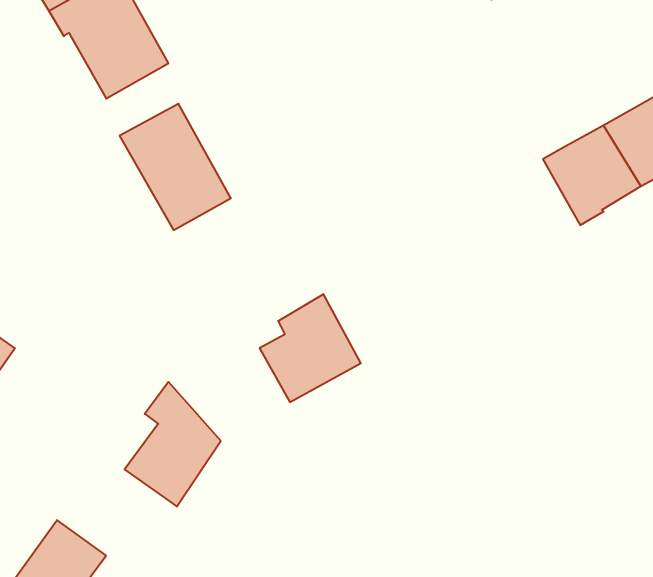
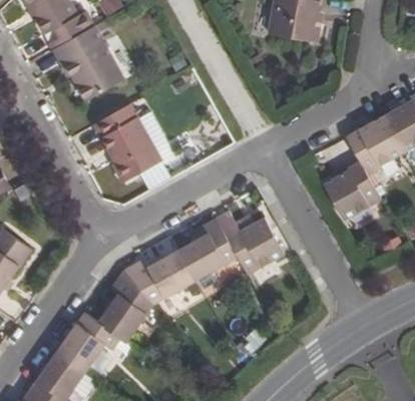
building: none -> [322,159,382,221]
building: none -> [216,210,285,275]
building: none -> [123,249,195,304]
building: none -> [57,312,121,372]

